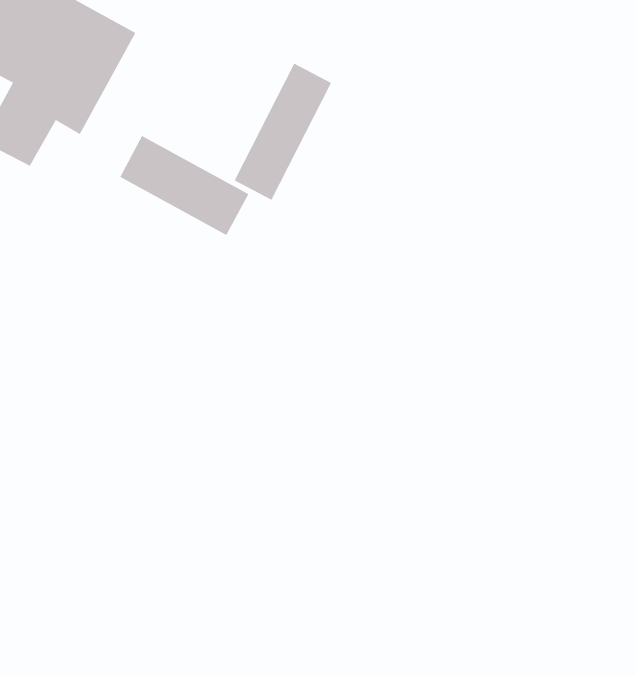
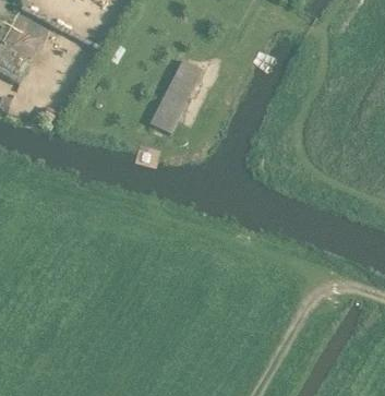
building: [119,135,249,236] -> none

